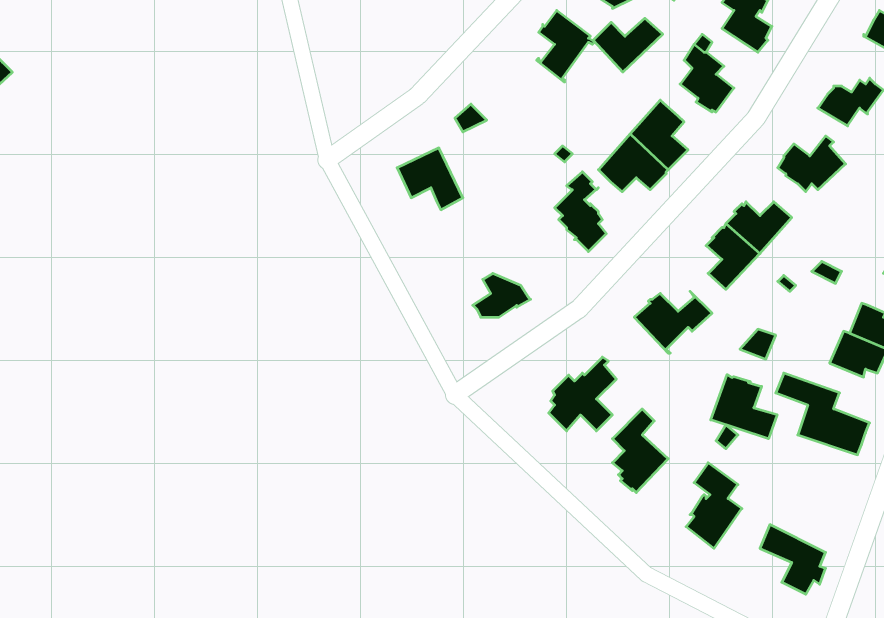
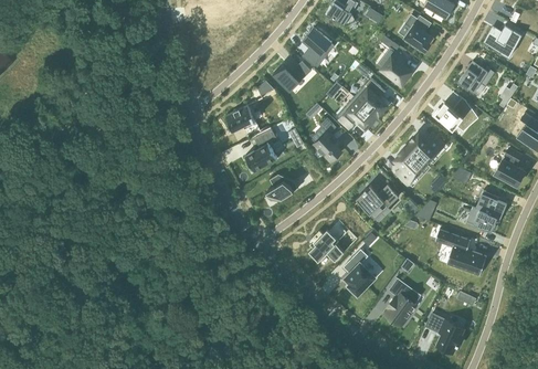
building: [593,18,663,72] -> [274,60,313,89]
building: none -> [245,128,278,171]
building: [711,375,777,439] -> none

